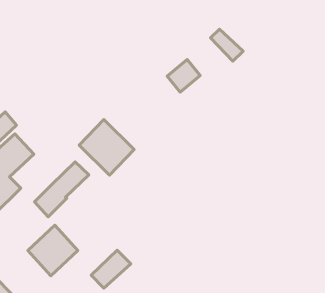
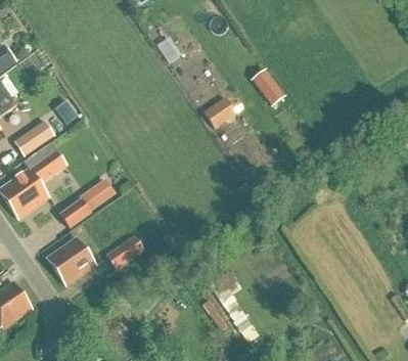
building: [79,120,134,175] -> none
building: [91,250,131,288] -> [102,236,142,271]

